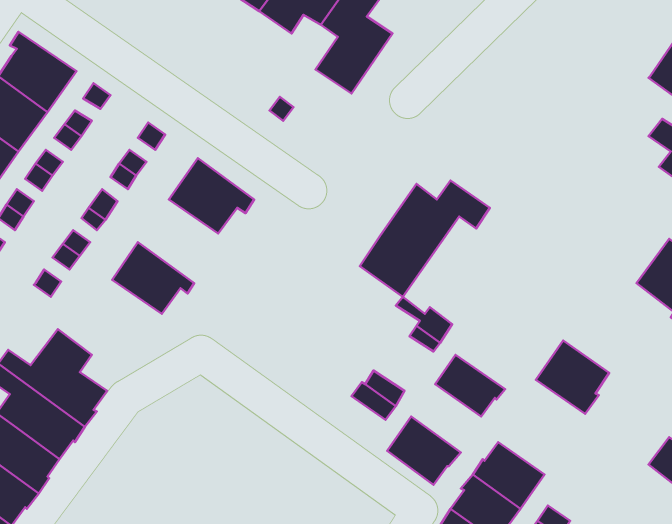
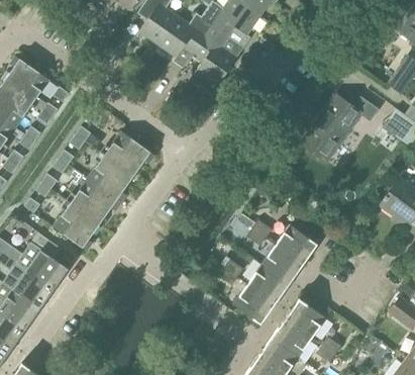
building: [360,181,490,297] -> [302,93,379,162]
building: none -> [86,156,133,205]
building: none -> [54,203,100,251]
building: [536,340,609,414] -> [274,224,317,268]
building: none -> [247,265,289,305]

